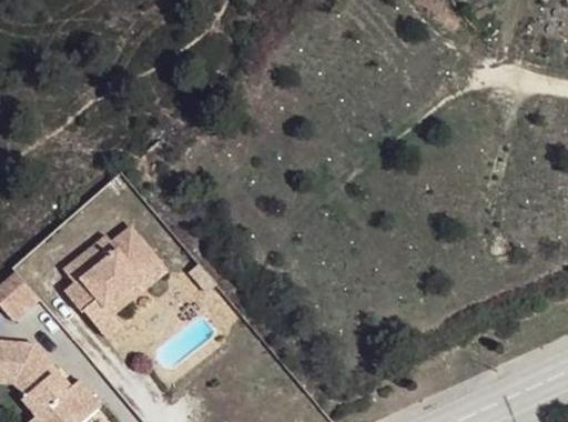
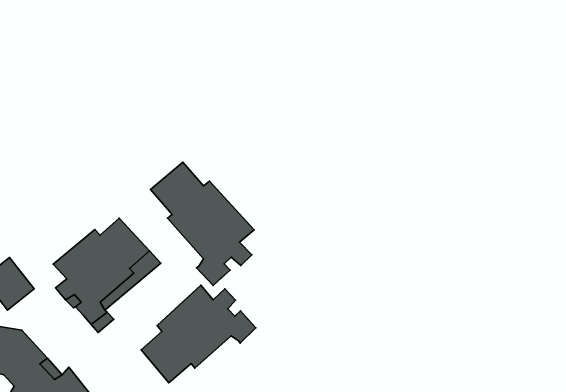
building: none -> [151,162,254,286]
building: none -> [141,285,256,383]

